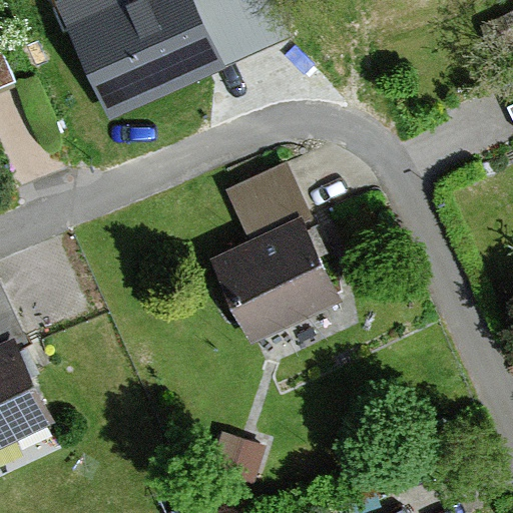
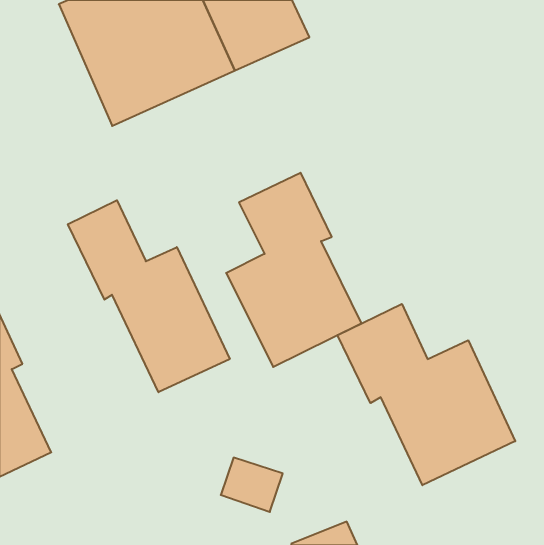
building: none -> [68,200,230,392]
building: none -> [337,304,515,485]

